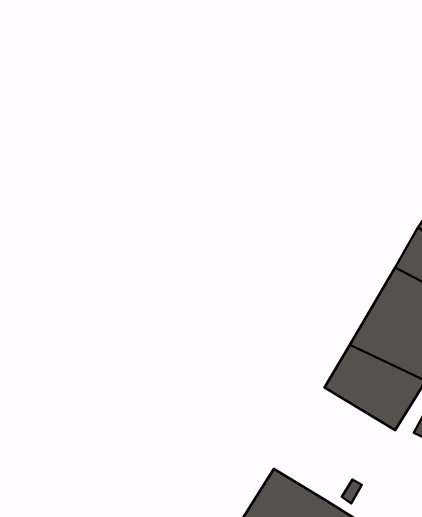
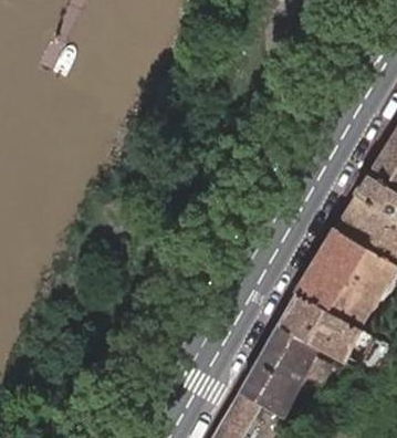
building: none -> [236,328,336,421]

